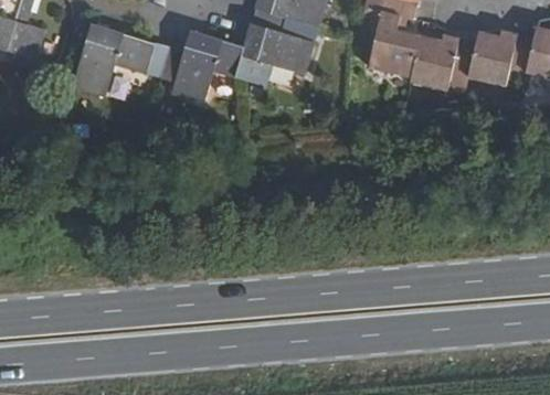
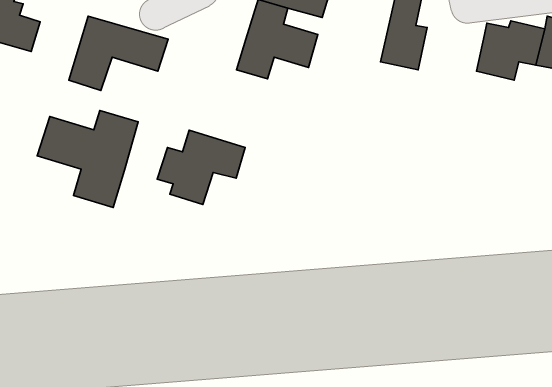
building: [158,30,243,102] -> [157,130,245,204]
building: [408,34,474,90] -> none
building: none -> [37,111,138,207]

